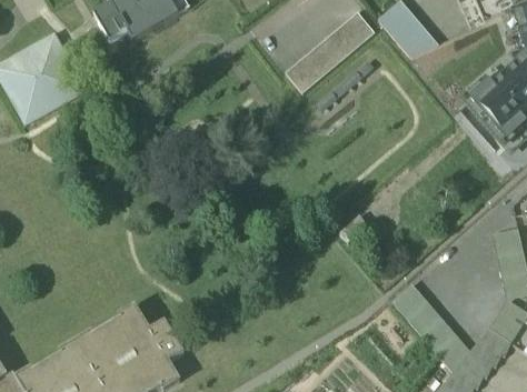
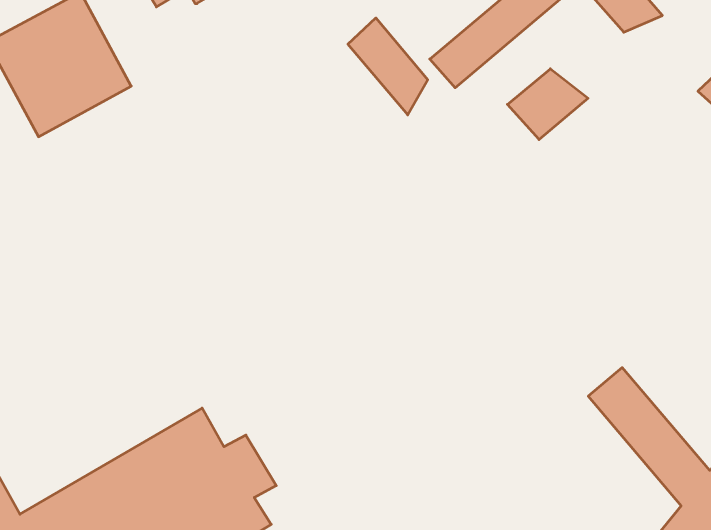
building: none -> [348,18,428,115]
building: none -> [507,69,588,140]

